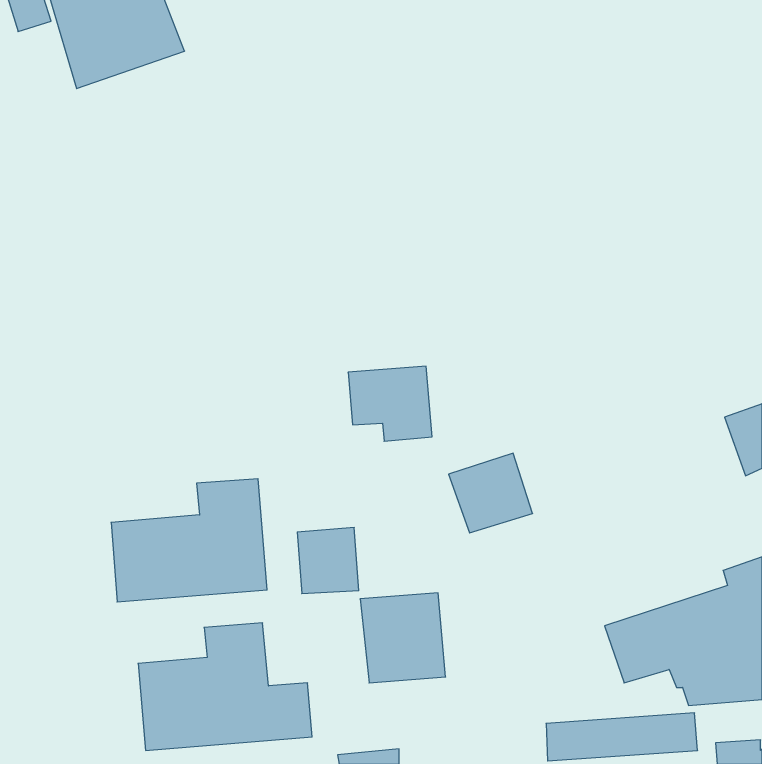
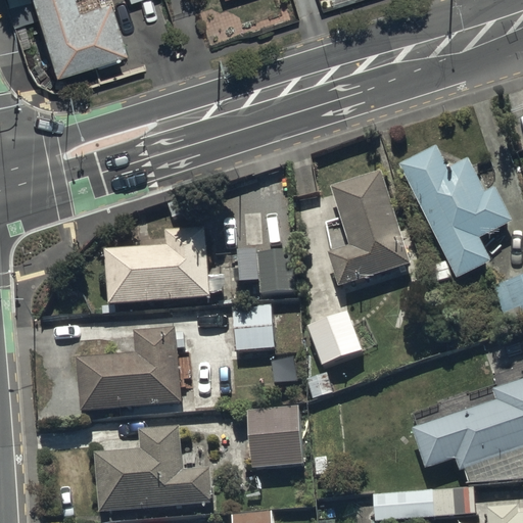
building: none -> [398,152,513,288]
building: none -> [323,180,412,294]
building: none -> [103,224,210,303]
building: [297,528,359,594] -> [232,303,274,348]

